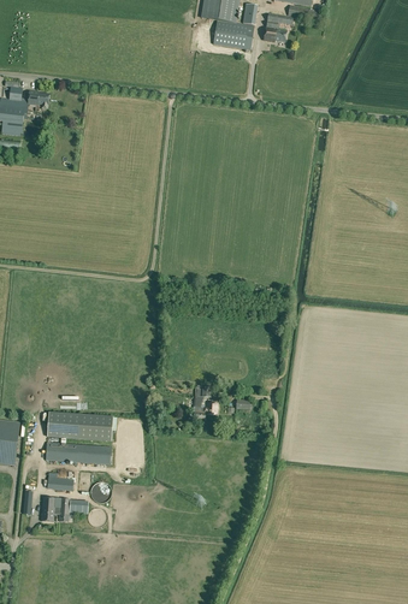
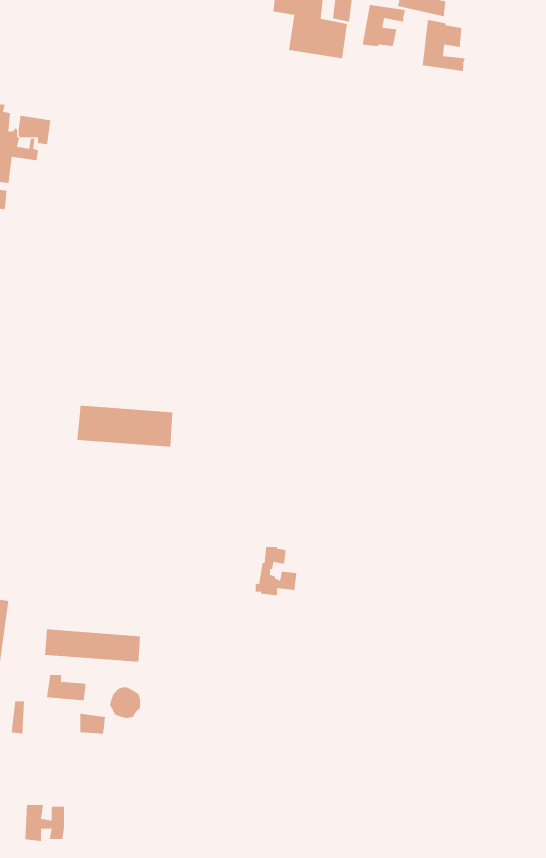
building: none -> [422,19,465,72]
building: [47,411,113,440] -> [76,405,173,447]
building: [42,497,70,522] -> [24,805,65,841]

